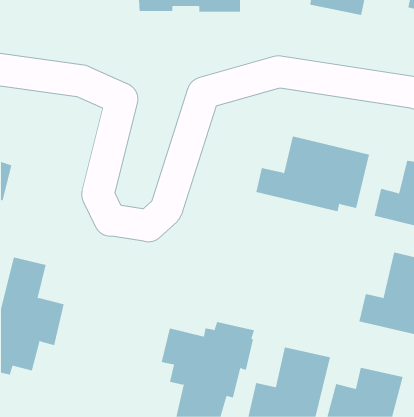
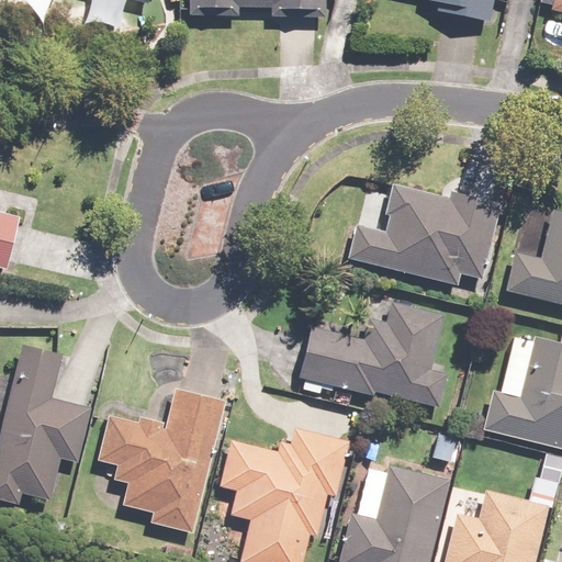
building: none -> [299,304,447,408]
building: none -> [94,390,225,535]

